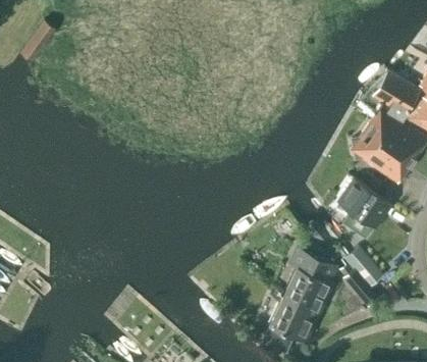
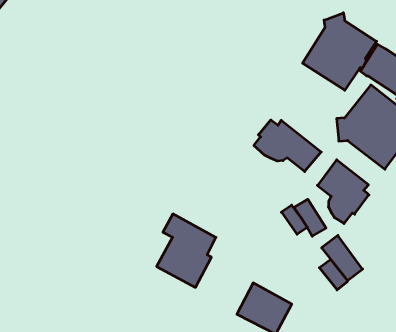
building: none -> [303,13,377,90]
building: none -> [254,120,321,172]
building: [283,247,336,313] -> [157,214,216,287]

